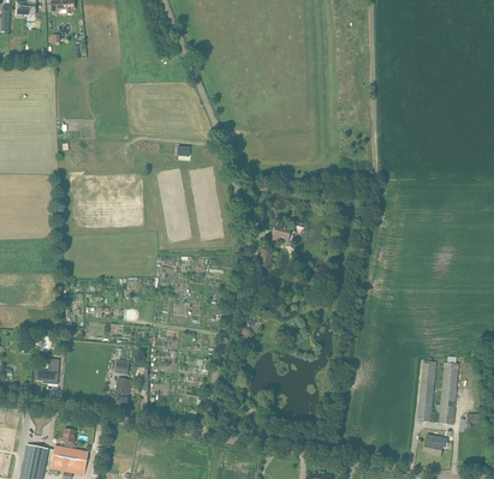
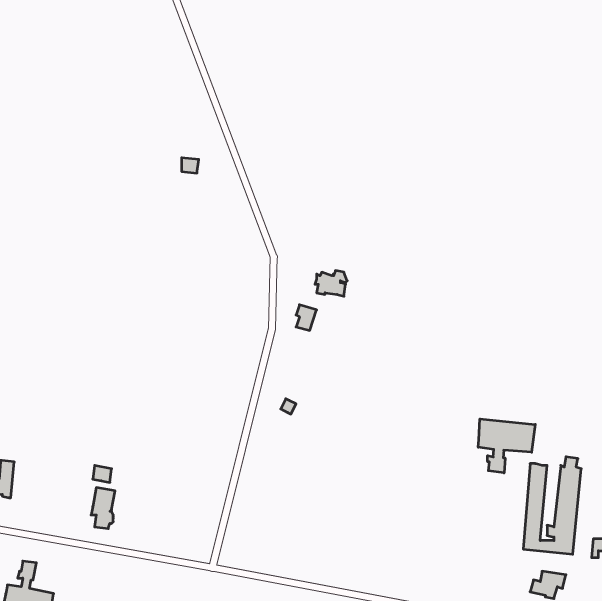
building: none -> [478,419,535,473]

